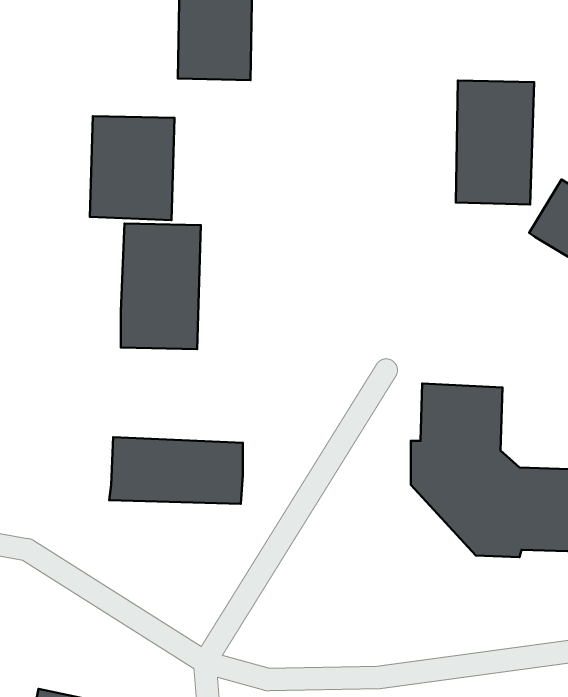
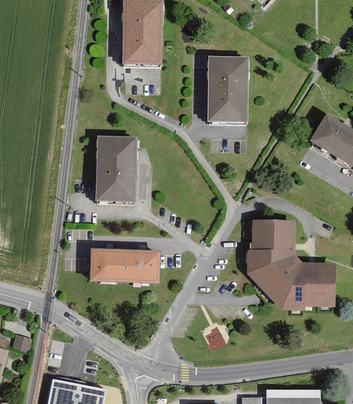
building: [456,80,534,204] -> [207,55,248,120]
building: [90,116,175,220] -> none

